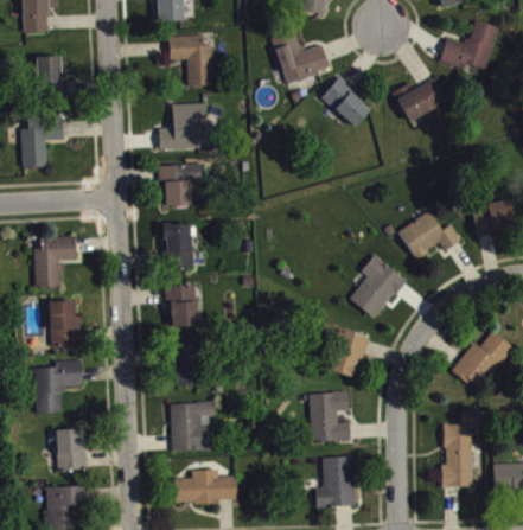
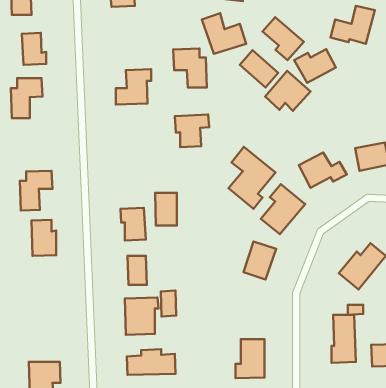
building: [168,34,212,85] -> [173,49,207,88]
building: none -> [263,17,304,60]
building: none -> [265,71,310,111]
building: [158,164,203,206] -> [175,114,209,147]
building: none -> [228,147,276,209]
building: [164,224,192,267] -> [155,193,177,226]
building: [34,360,82,414] -> none
building: [308,392,350,442] -> none
building: none -> [161,291,176,317]
building: [56,428,87,470] -> none

